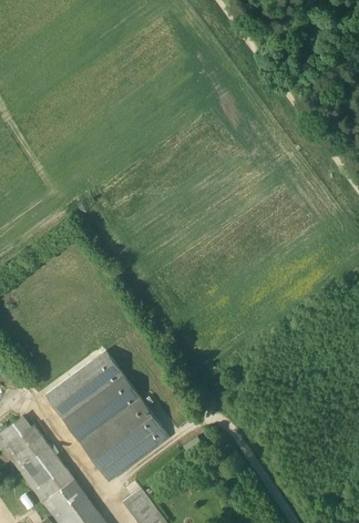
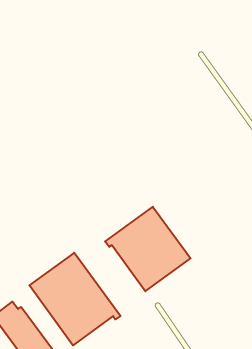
building: none -> [105,207,191,291]

